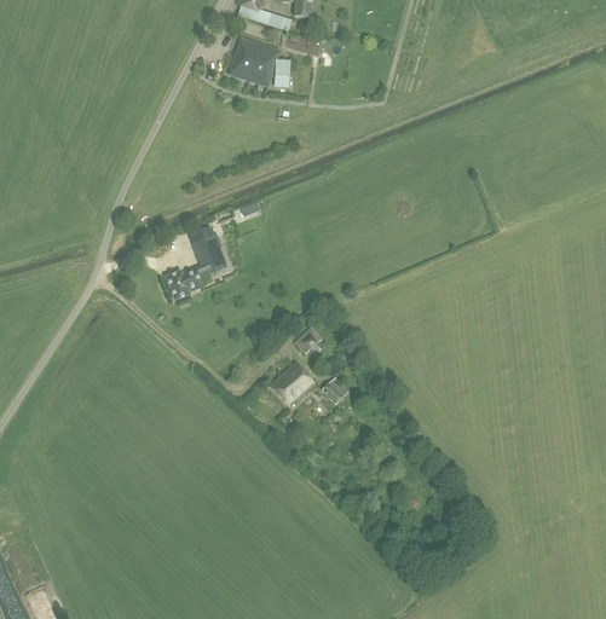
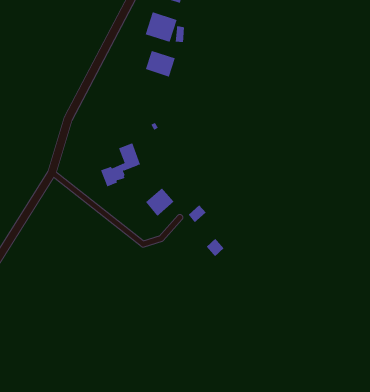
building: none -> [145,50,176,77]
building: [270,360,313,404] -> [145,188,174,217]

